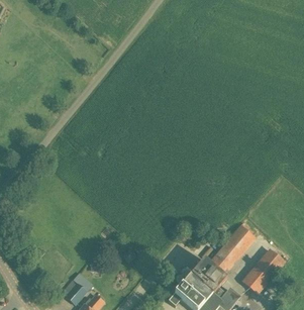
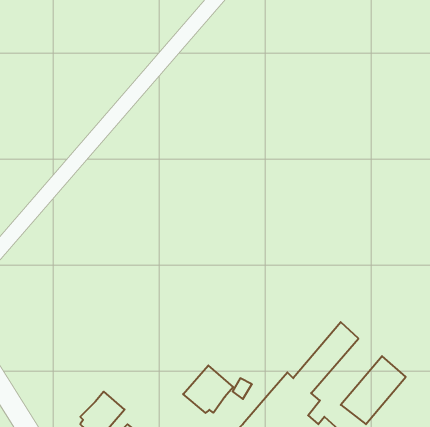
building: none -> [183,365,233,413]

